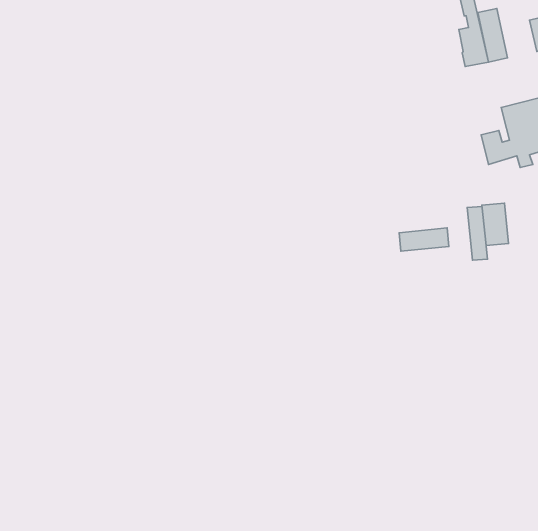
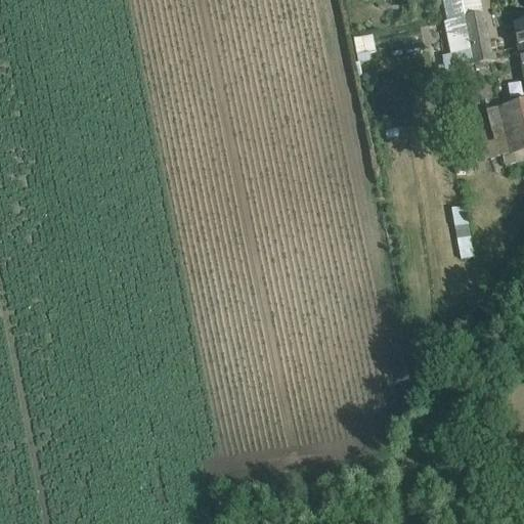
building: [482,203,508,246] -> none
building: [399,228,449,251] -> none

